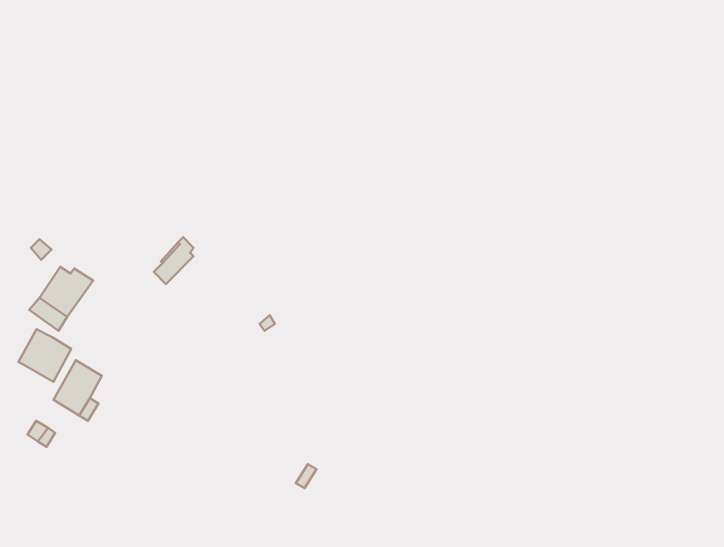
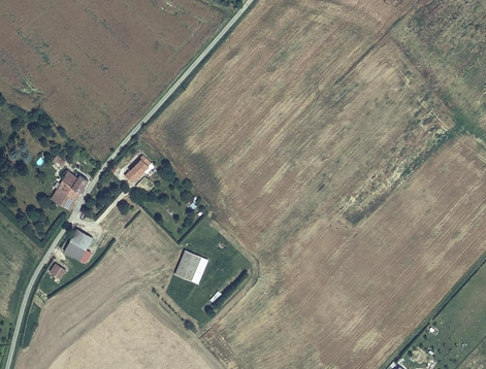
building: [19,329,71,382] -> none
building: none -> [174,249,201,280]

